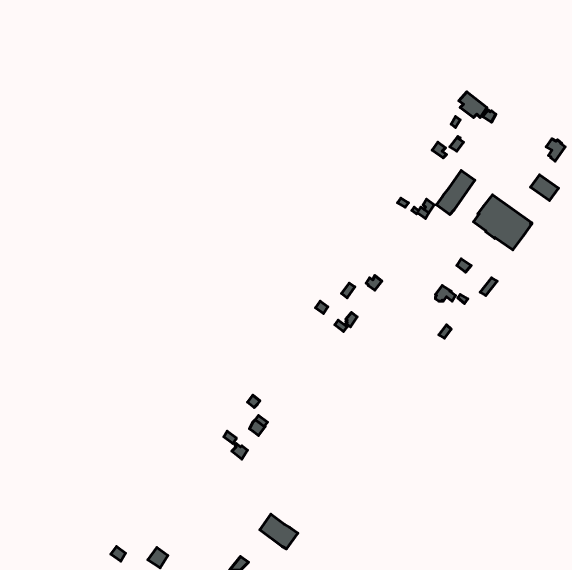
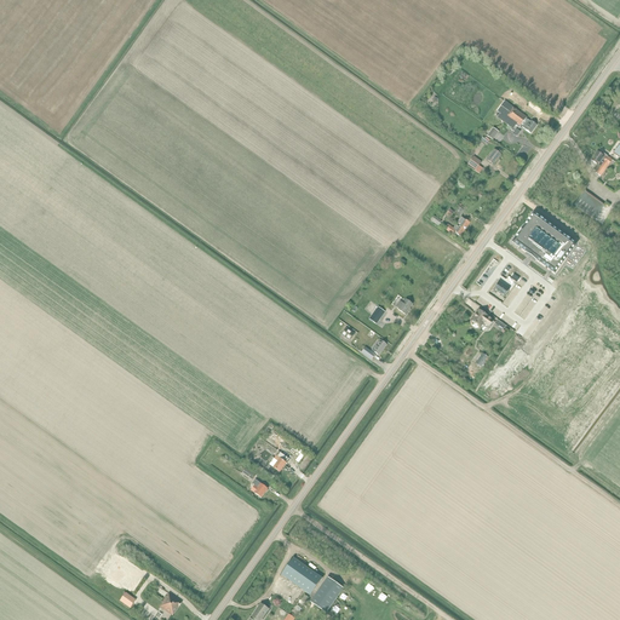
building: [436,170,475,215] -> none
building: none -> [310,575,344,612]

